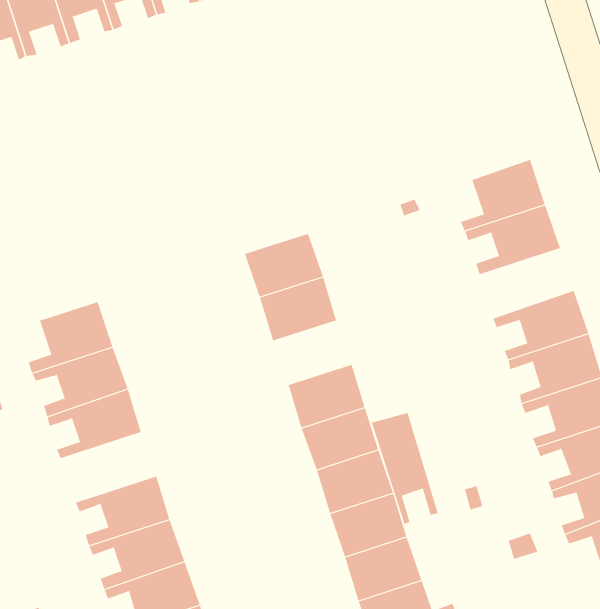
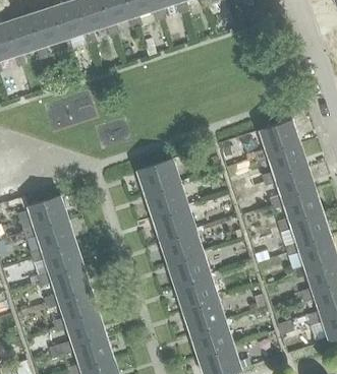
building: none -> [264,167,315,204]
building: none -> [153,205,195,240]
building: [371,412,439,525] -> none
building: none -> [39,265,91,303]

